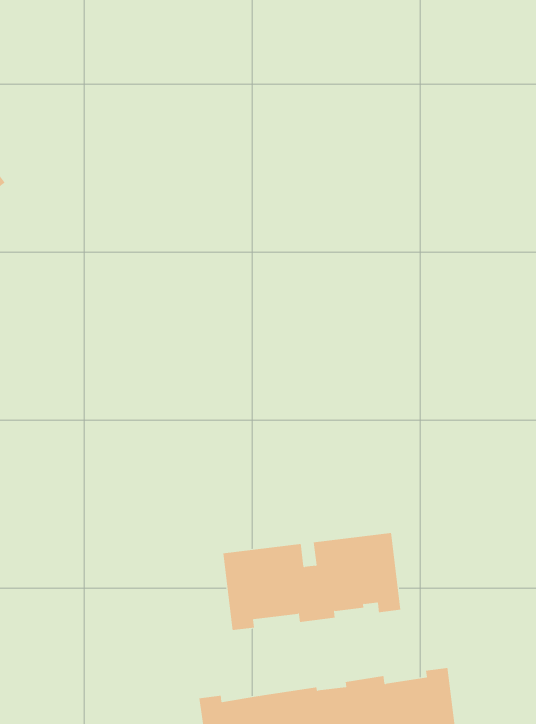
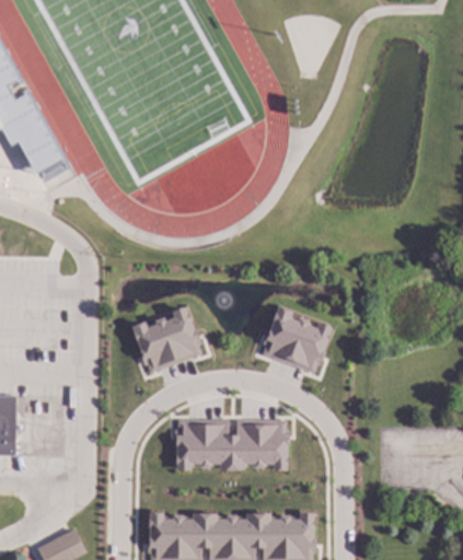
building: none -> [261,306,333,374]
building: none -> [132,306,202,373]

